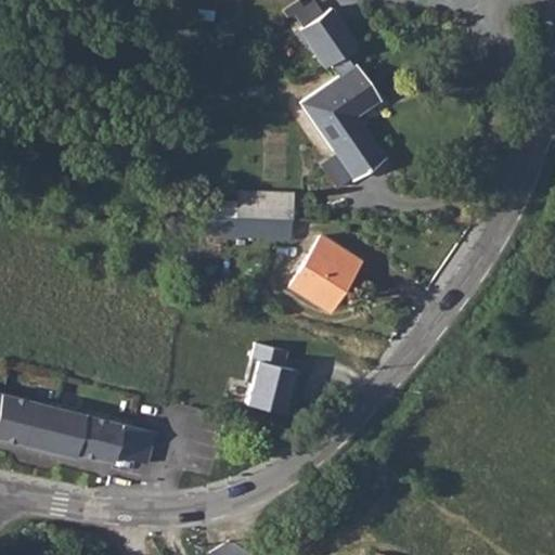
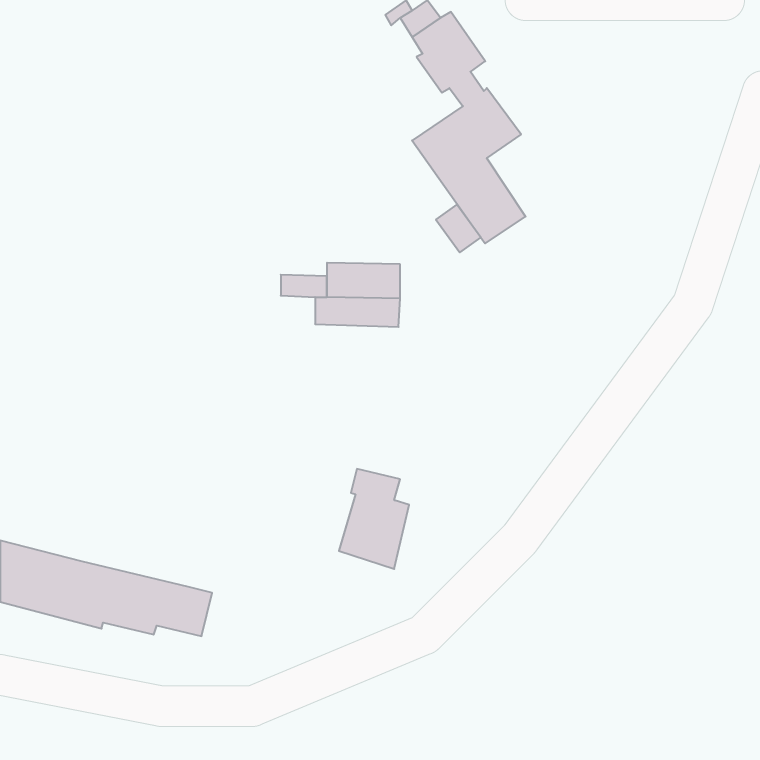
building: [291,235,360,309] -> none

